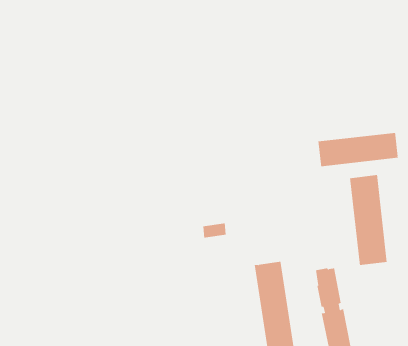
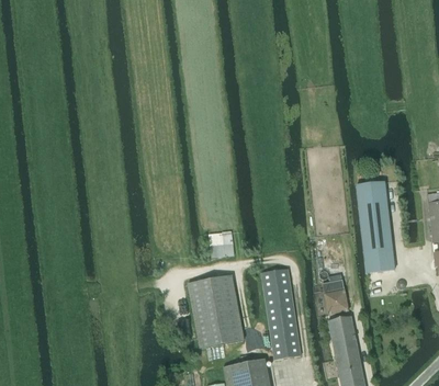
building: [318,132,398,167] -> none
building: none -> [187,274,244,348]

